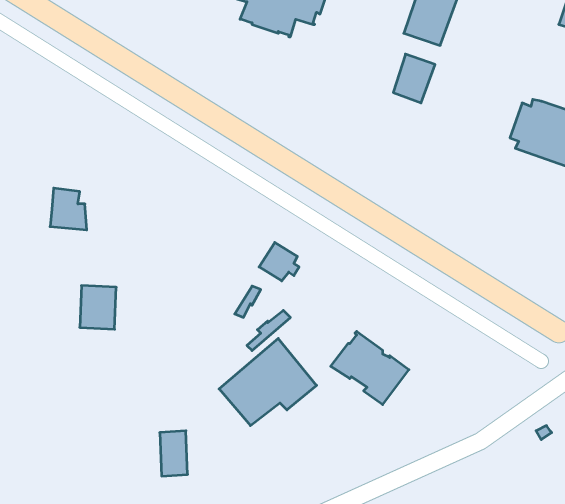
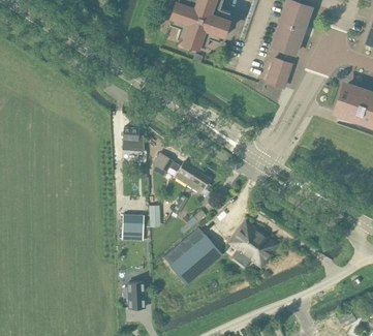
building: [50,188,87,230] -> [123,127,145,152]
building: none -> [160,156,197,185]
building: [80,286,116,329] -> [123,215,145,241]

